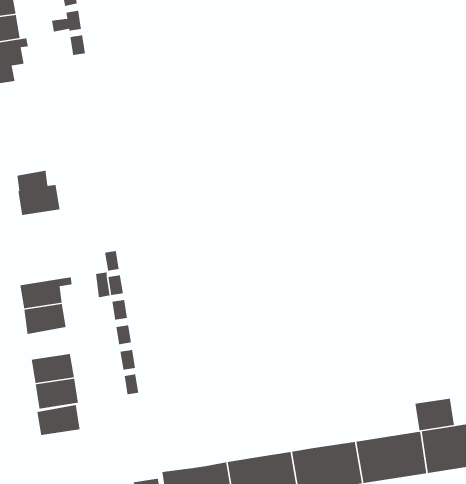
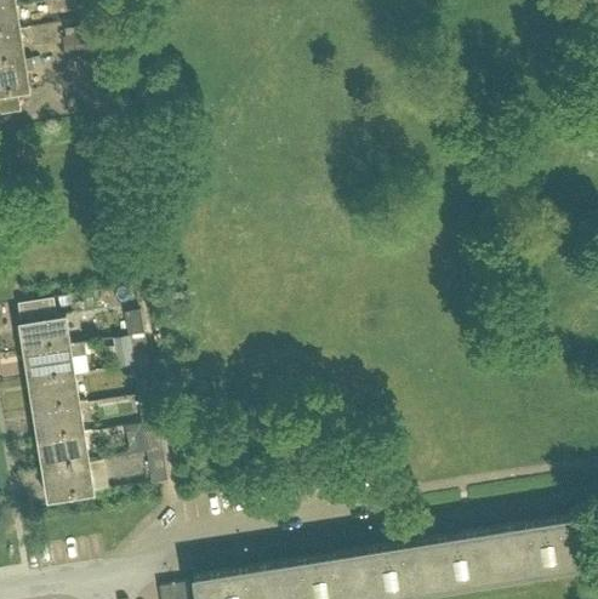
building: [16,170,60,216] -> [18,306,70,360]
building: [415,398,455,431] -> none
building: [37,404,80,436] -> [33,411,85,449]

